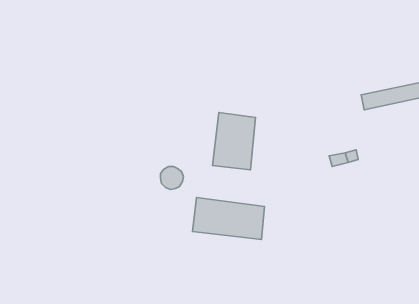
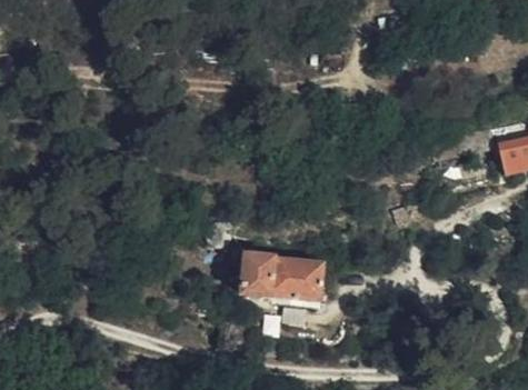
building: [212,112,256,170] -> none

